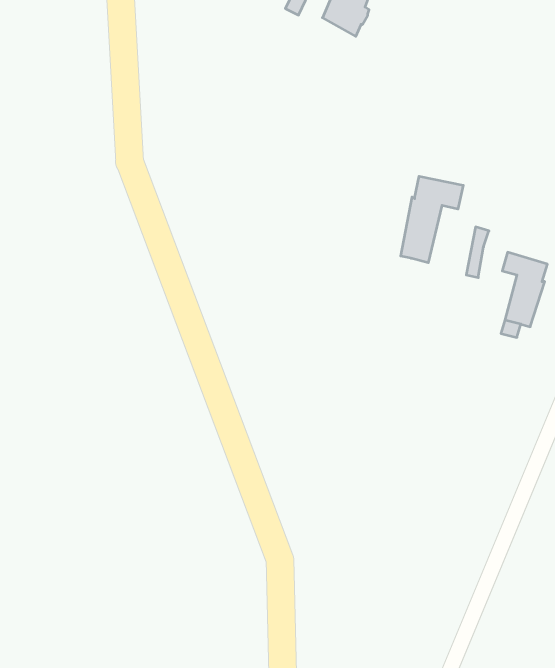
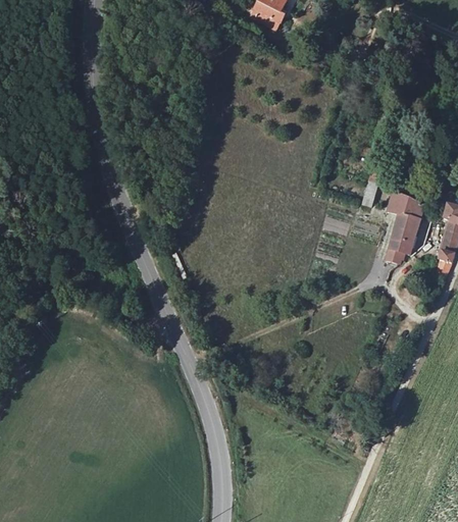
building: [401,176,463,263] -> none

